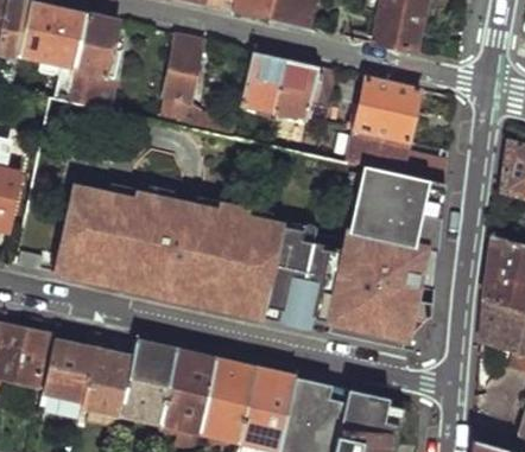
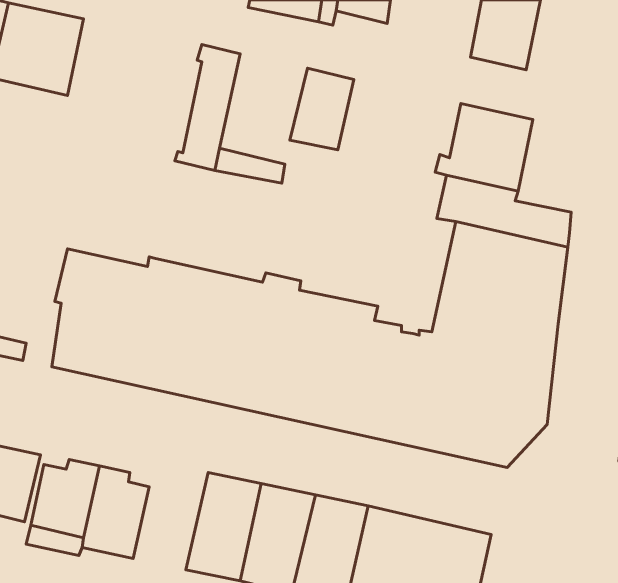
building: [67,14,119,110] -> none
building: [273,59,337,120] -> none
building: [121,342,177,424] -> none

